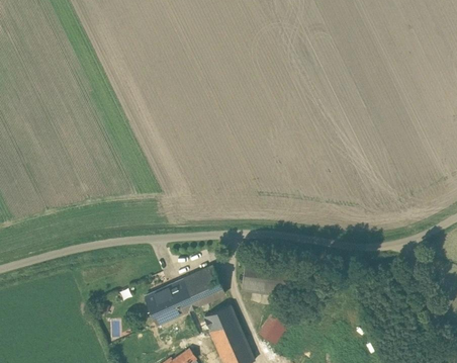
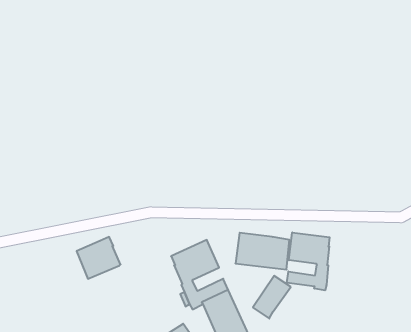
building: none -> [287,232,330,290]
building: [145,282,188,324] -> [77,237,121,279]

